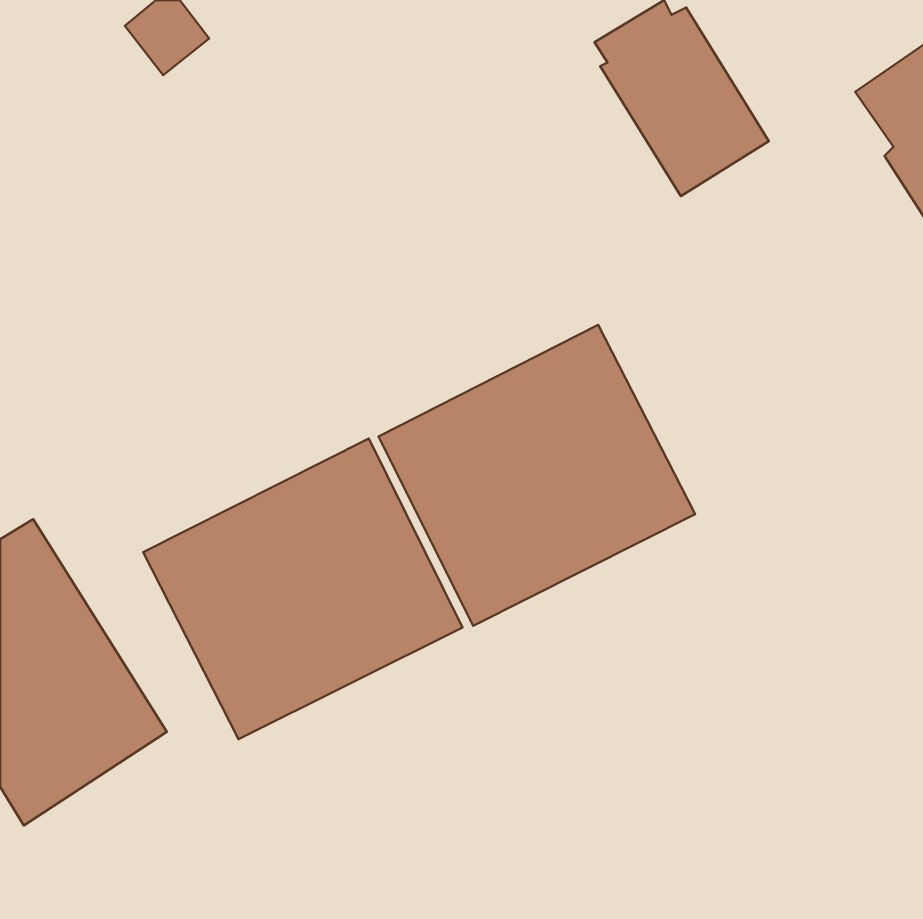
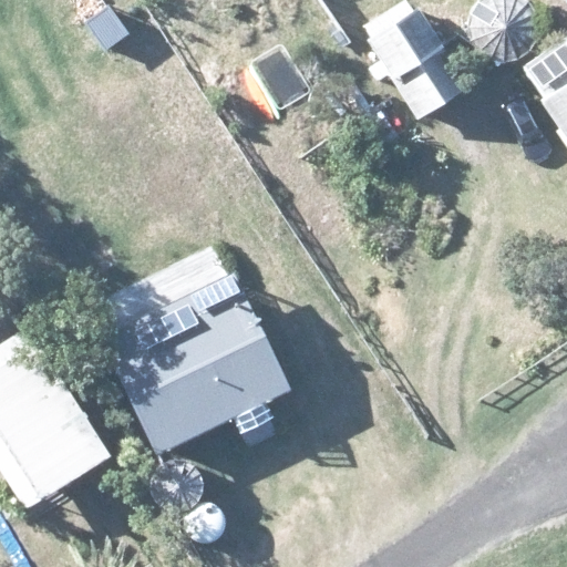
building: [379,325,695,626] -> none

